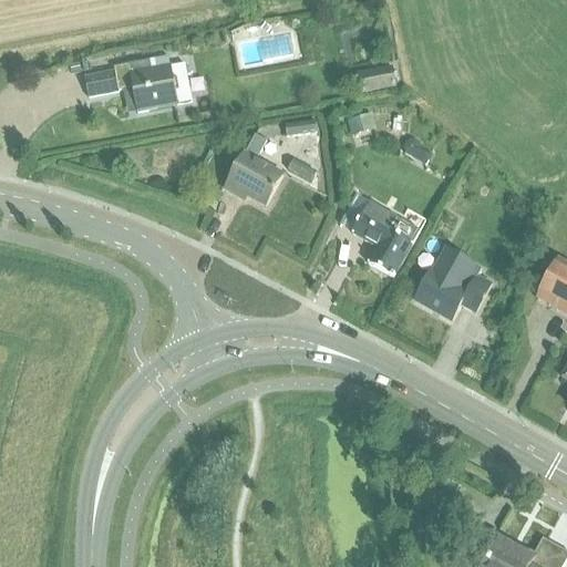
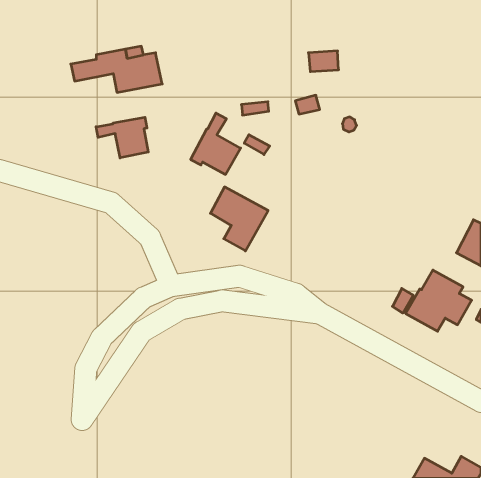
building: none -> [96,117,148,158]
building: [351,200,419,276] -> [210,187,268,251]
building: [413,247,491,319] -> [406,270,472,331]

